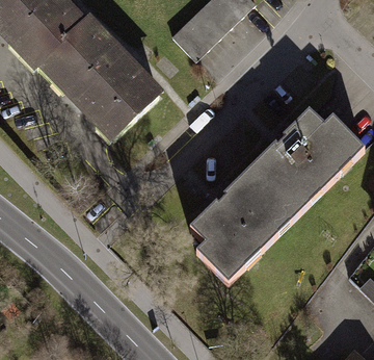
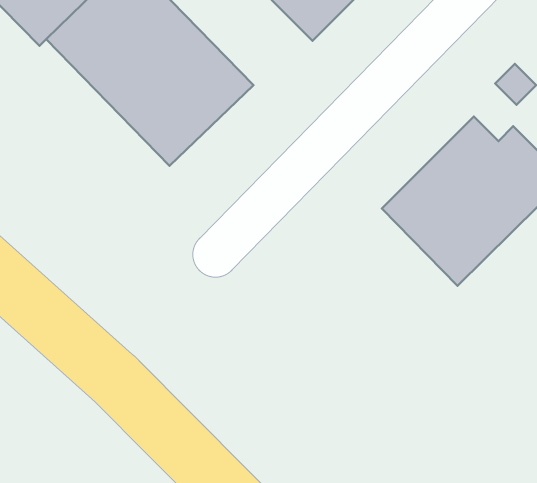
building: [189,166,294,281] -> none

